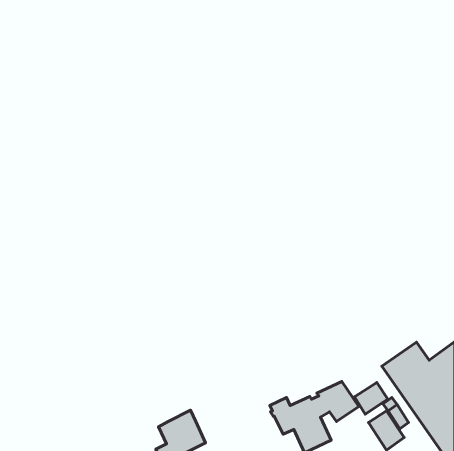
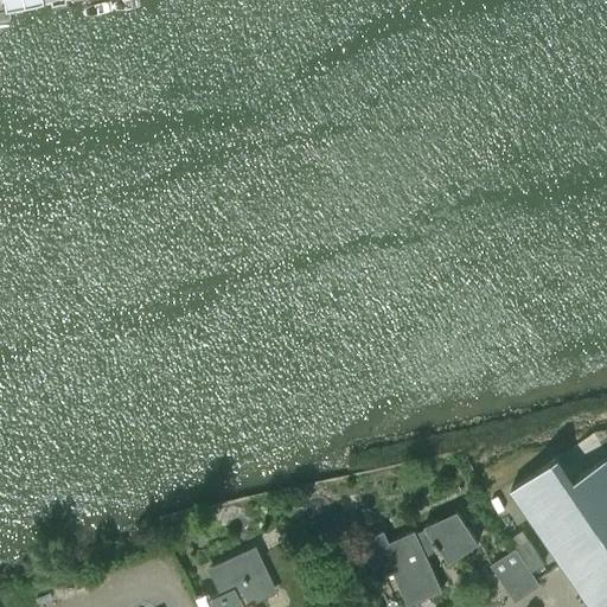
building: [354,382,388,414] -> none

